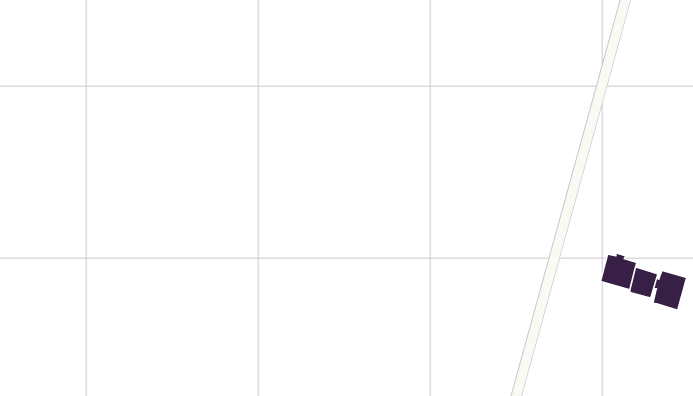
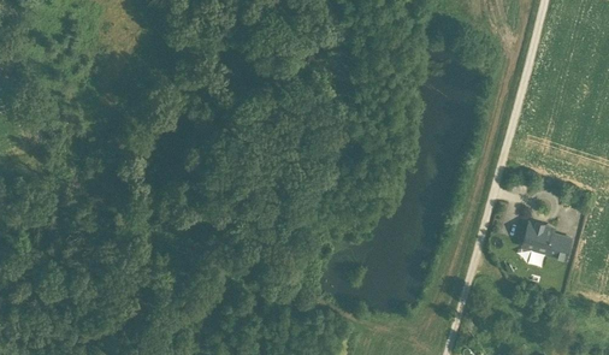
building: [653,270,687,310] -> none

